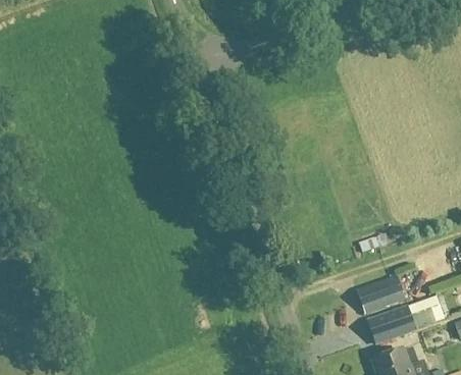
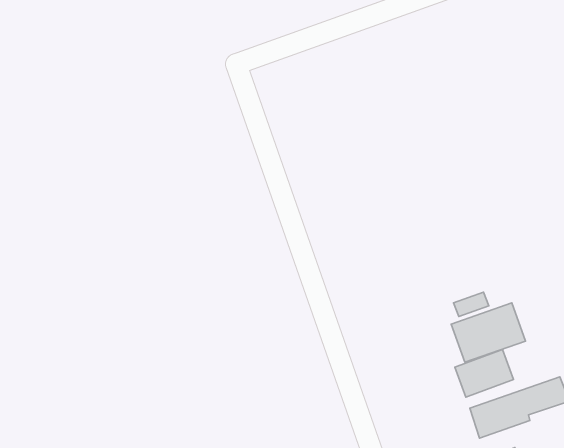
building: none -> [451,303,526,362]

